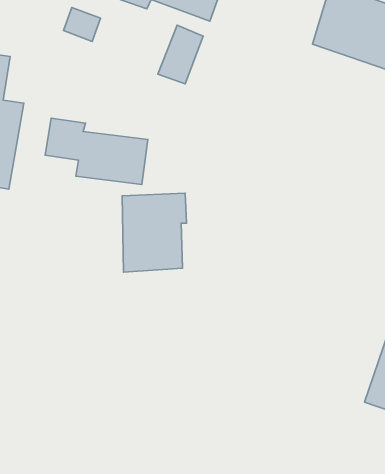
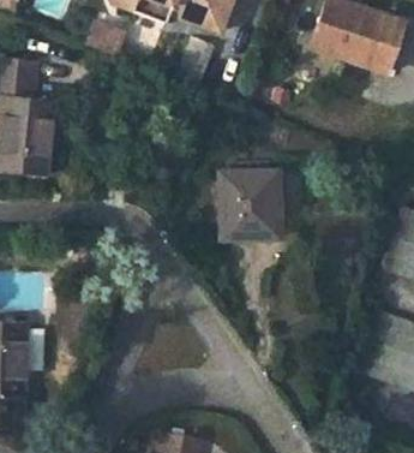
building: [45,118,148,185] -> none
building: [122,193,187,272] -> [230,171,287,240]

